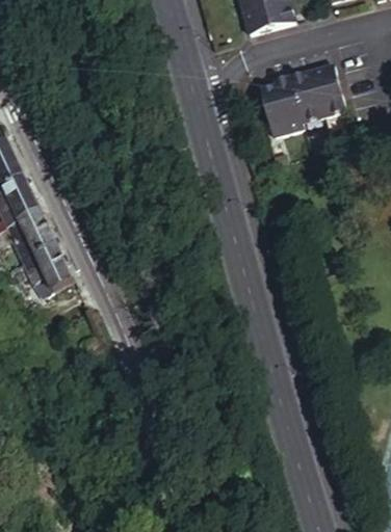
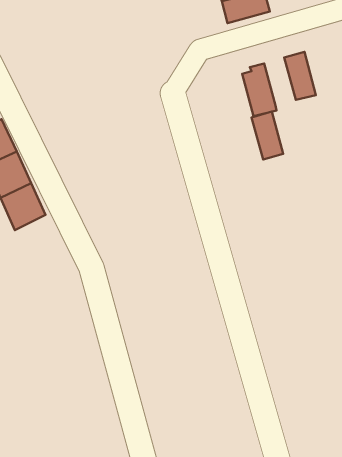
building: [288,72,322,124] -> [252,112,283,160]
building: [18,242,68,287] -> none

